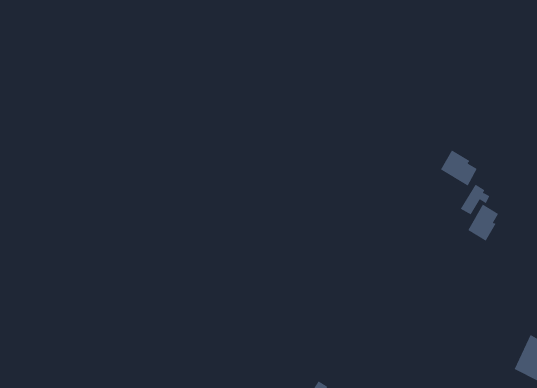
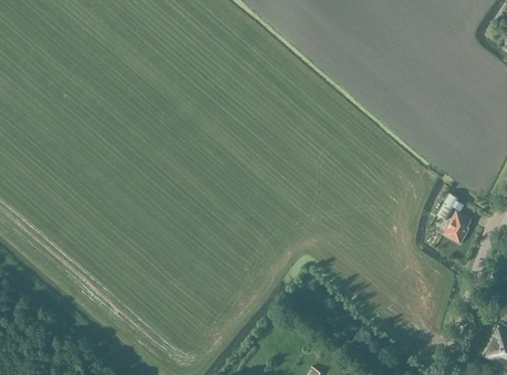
building: [440,150,478,186] -> none

